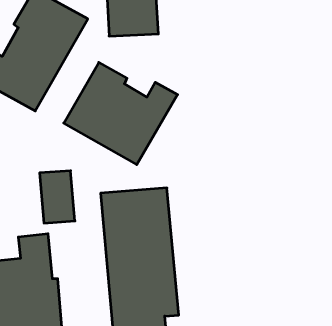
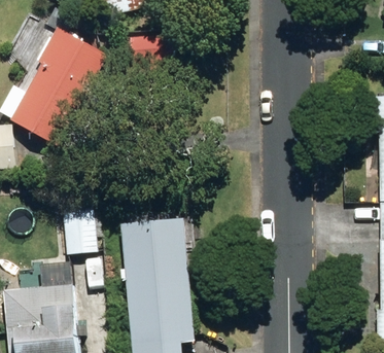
building: [64,62,178,165] -> none

